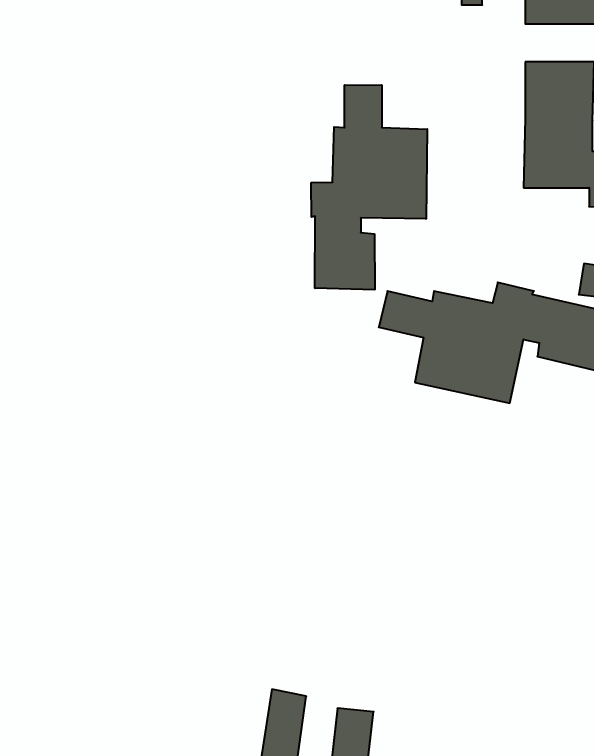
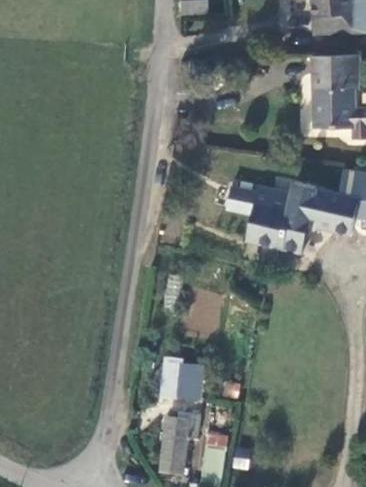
building: [311,85,427,290] -> none
building: none -> [162,361,201,401]

